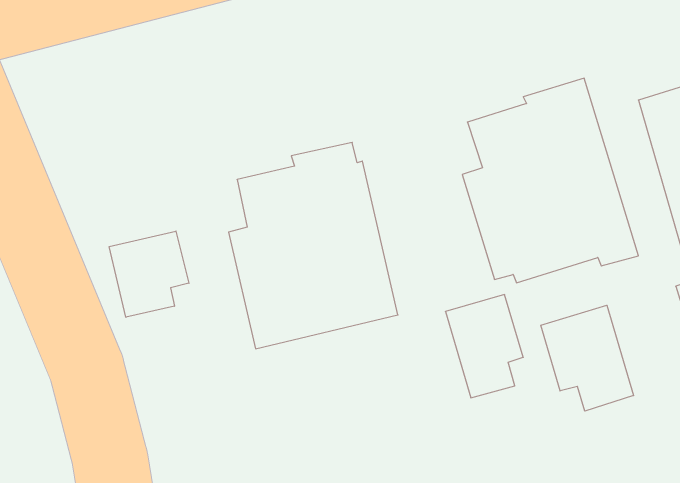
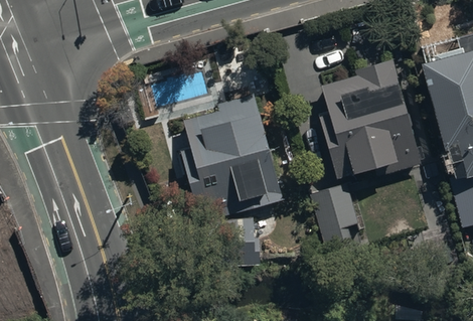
building: [109,231,189,317] -> none
building: [541,305,634,411] -> none

